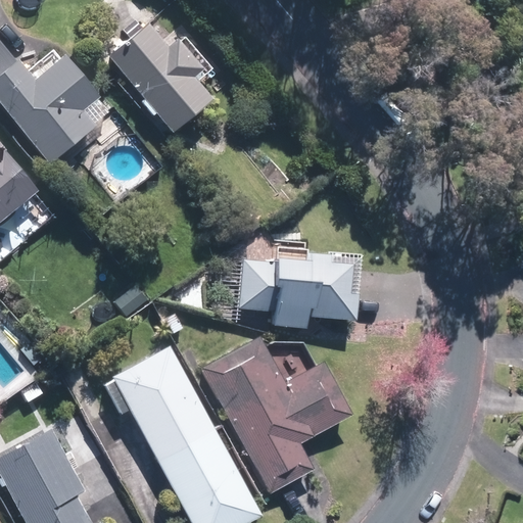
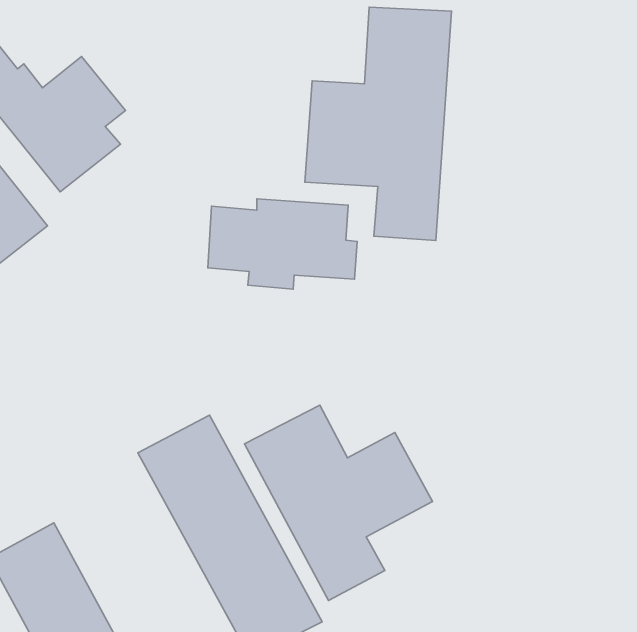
building: none -> [305,7,451,240]
building: [107,21,212,132] -> none
building: [238,254,360,328] -> [208,199,357,289]

